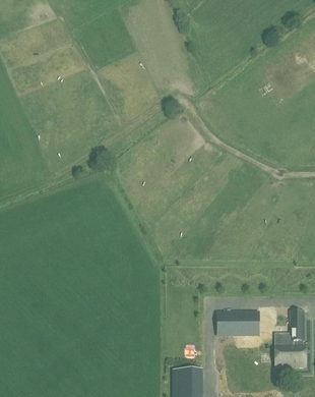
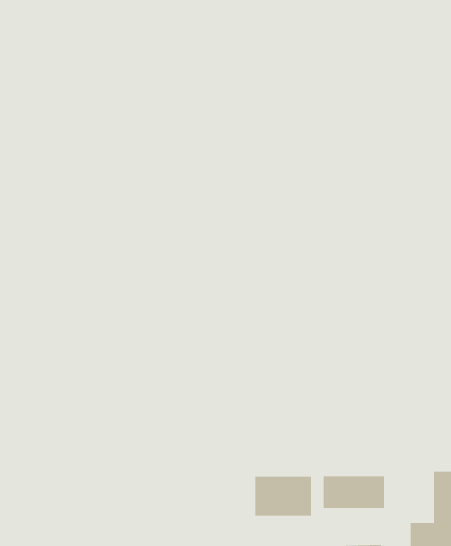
building: none -> [255,476,312,516]

